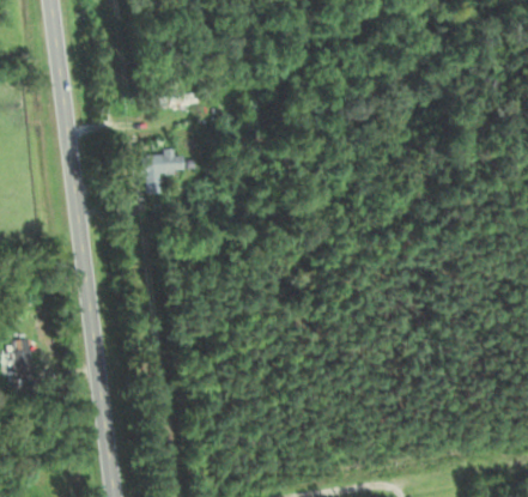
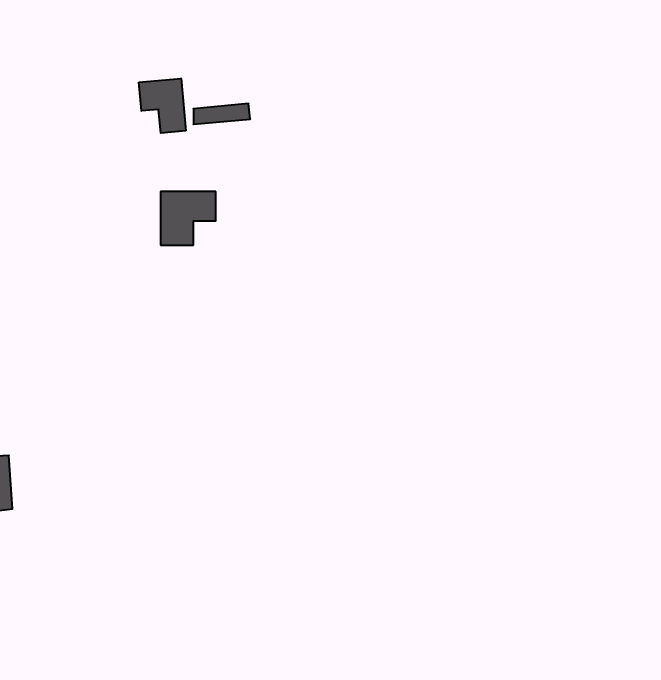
building: none -> [139,78,186,133]

